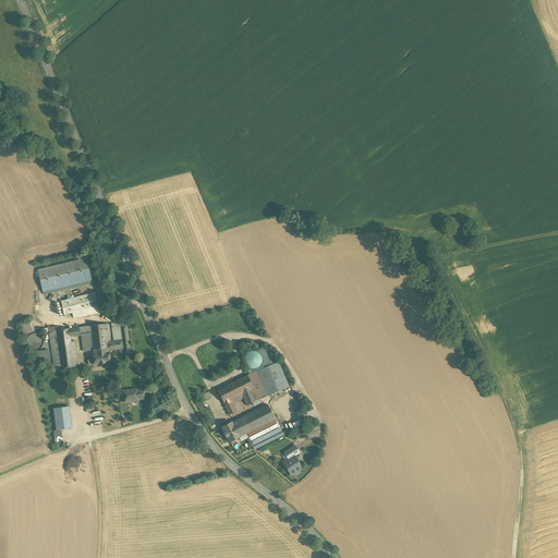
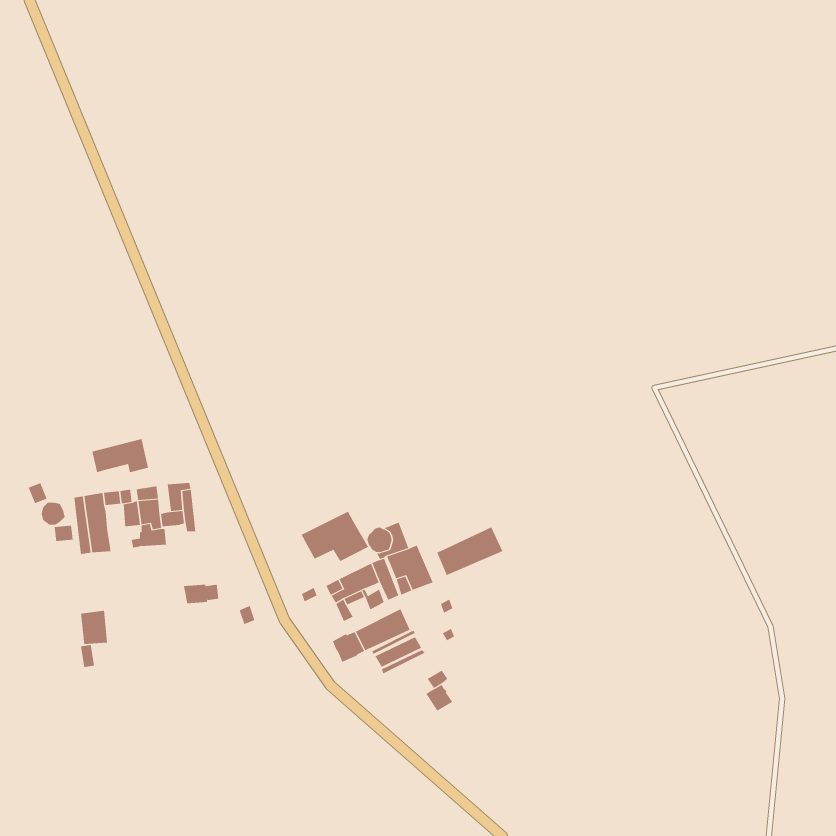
building: [38,258,92,291] -> none
building: none -> [301,511,369,562]
building: none -> [436,527,503,576]

